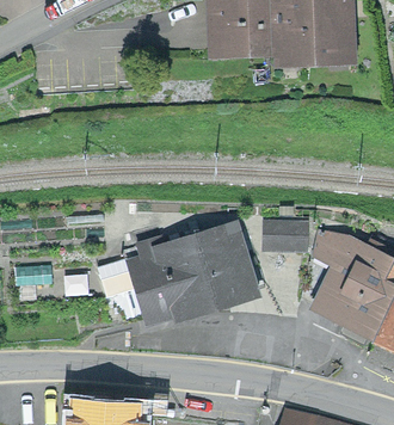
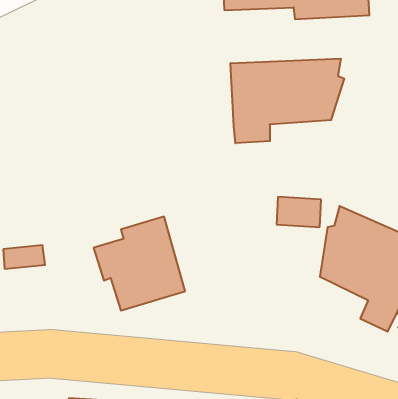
building: none -> [231,59,344,143]
building: [166,229,264,304] -> none

